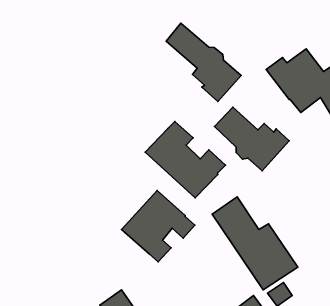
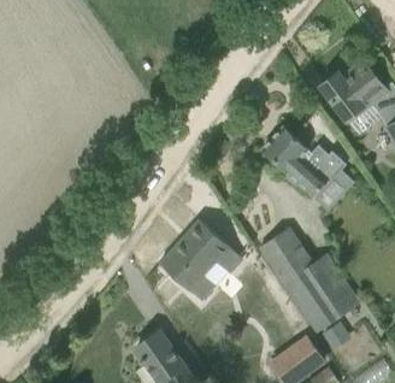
building: [166,23,241,102] -> none
building: [145,121,226,198] -> none

